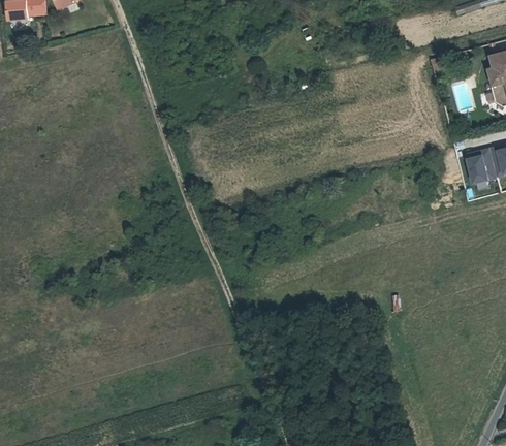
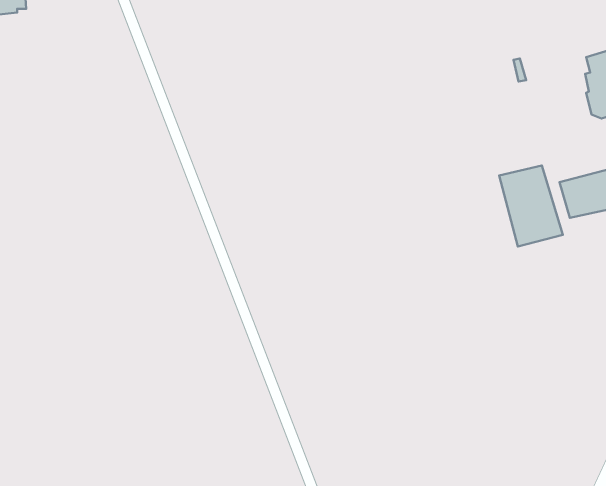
building: none -> [499,166,563,246]

